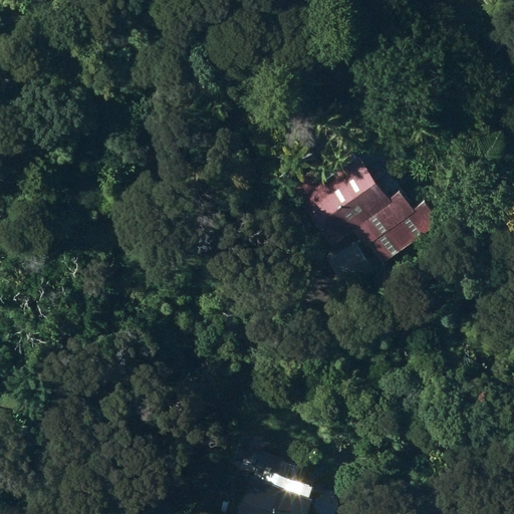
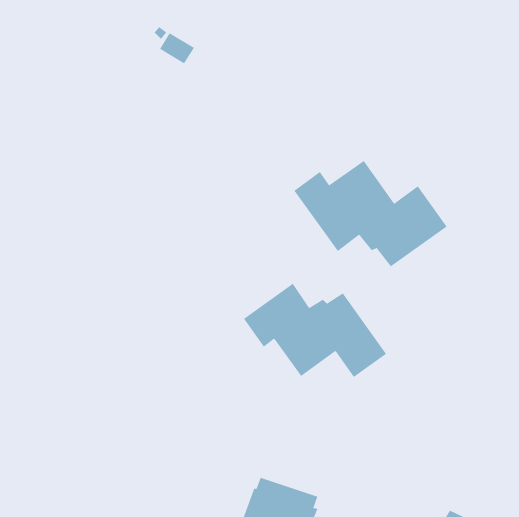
building: none -> [243,283,387,378]

